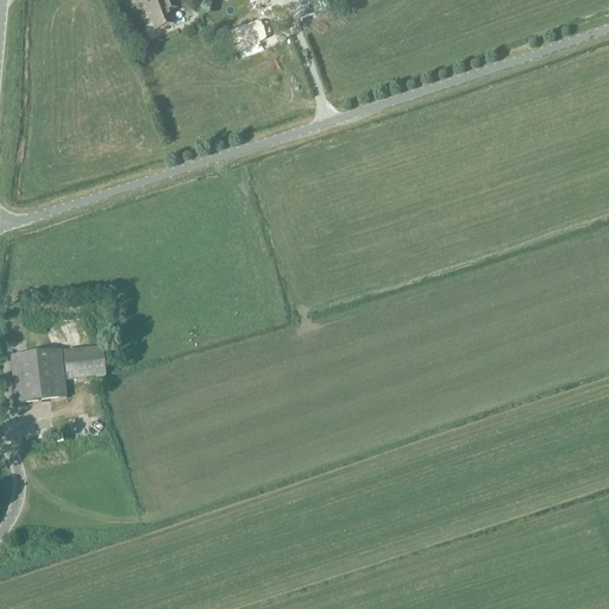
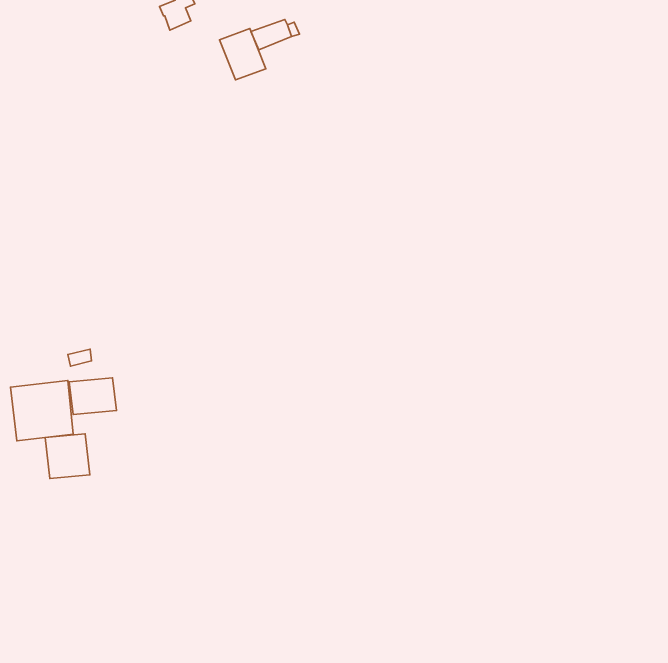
building: none -> [219,29,266,80]
building: none -> [45,434,90,478]

